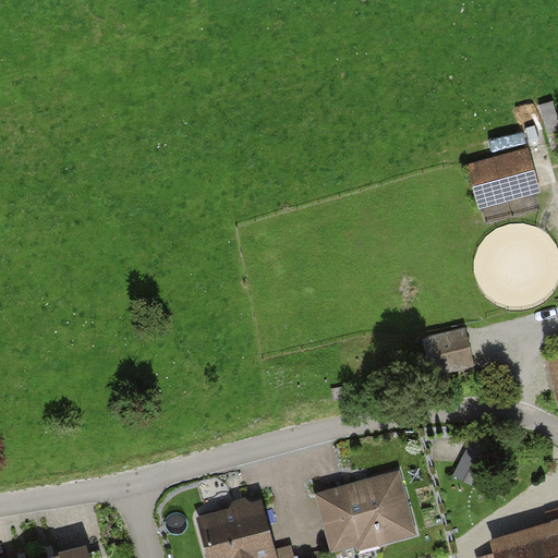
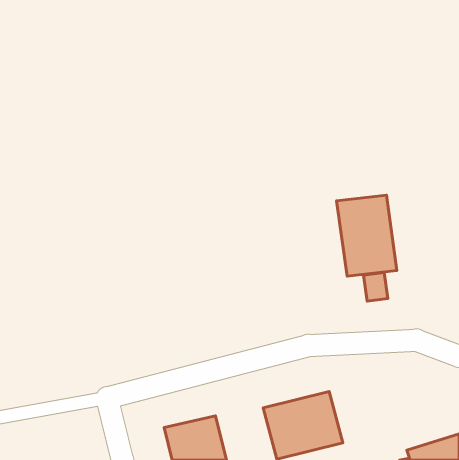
building: [470,147,538,203] -> none
building: none -> [337,195,397,276]

